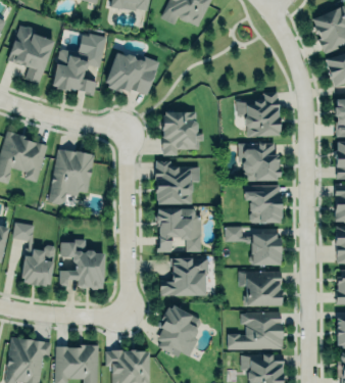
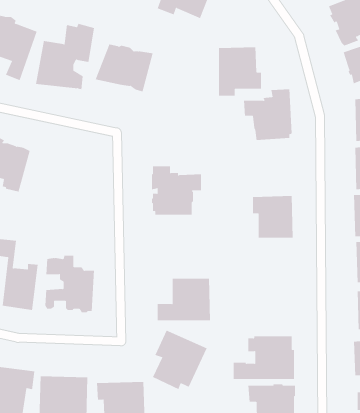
building: [162,112,201,156] -> [218,47,262,96]
building: [238,142,280,180] -> none
building: [48,149,94,206] -> none
building: [155,207,201,252] -> none
building: [225,227,282,265] -> none
building: [238,272,282,307] -> none

